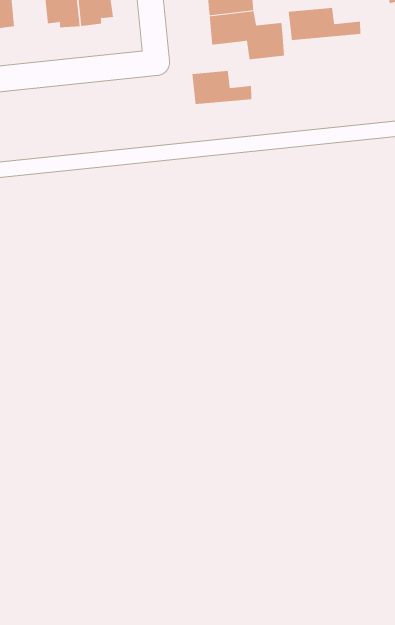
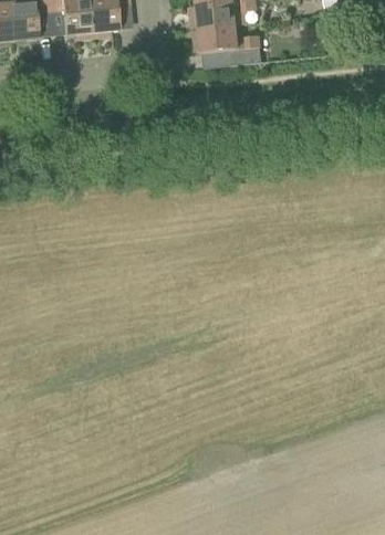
building: [288,7,361,41] -> none
building: [192,70,252,105] -> none

